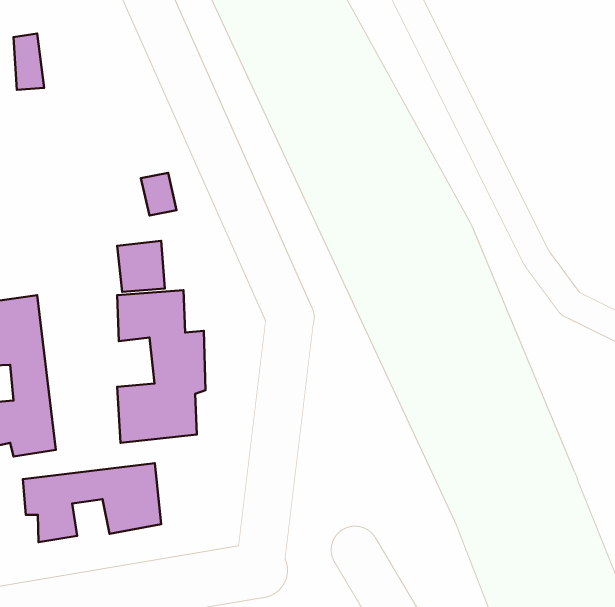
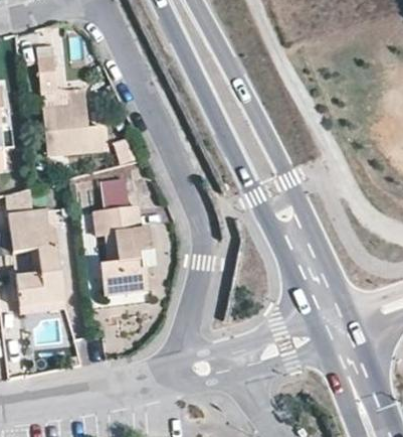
building: none -> [42,86,103,154]
building: [23,463,161,542] -> none

